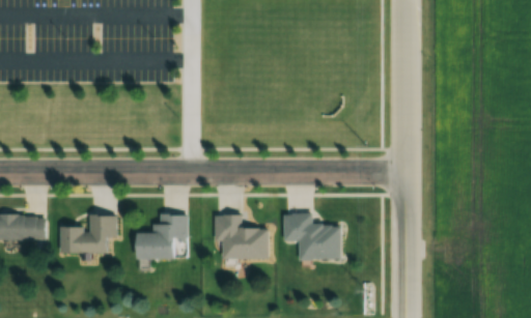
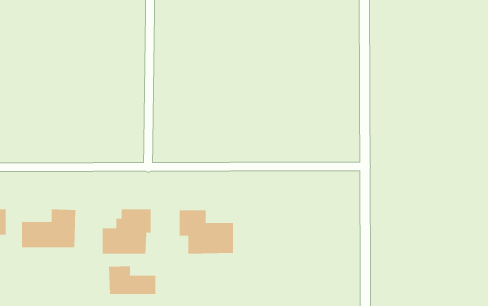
building: [282,214,340,259] -> none
building: none -> [108,265,156,295]

